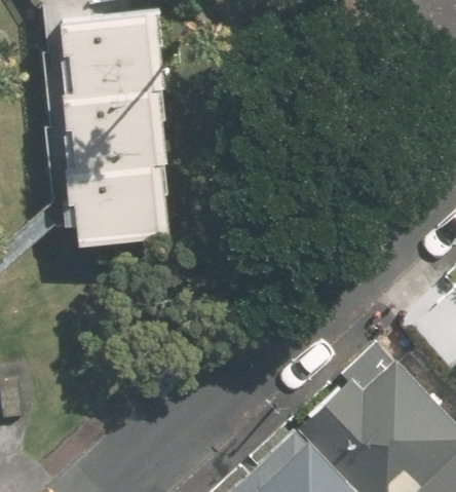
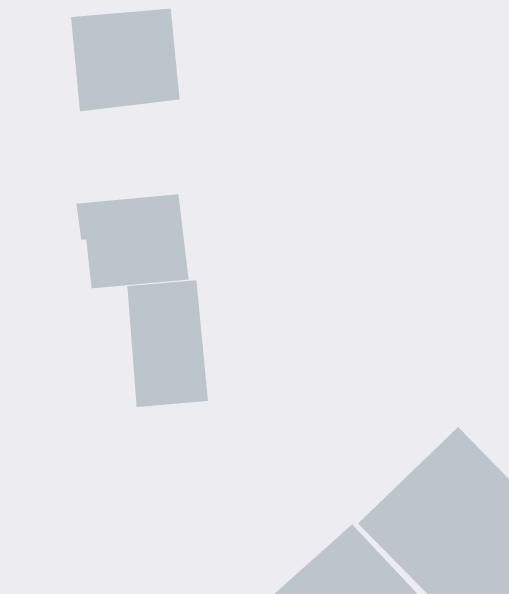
building: [70,89,162,172] -> none
building: none -> [127,279,209,408]

